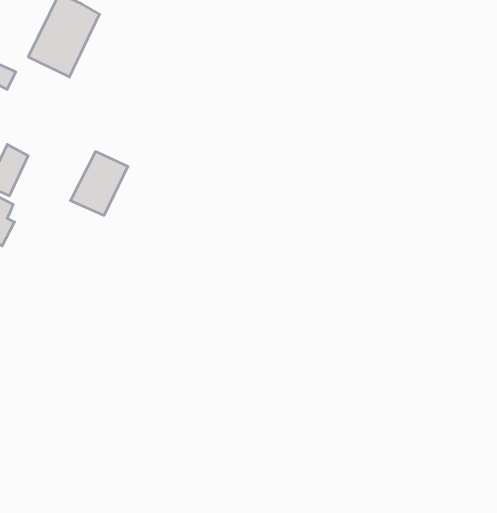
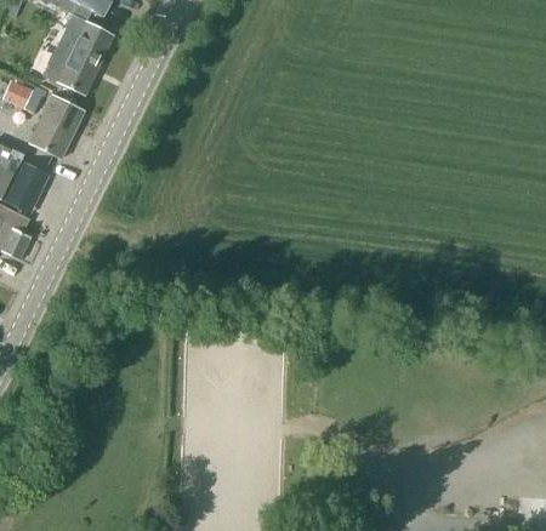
building: [70,152,128,215] -> [28,96,84,158]

